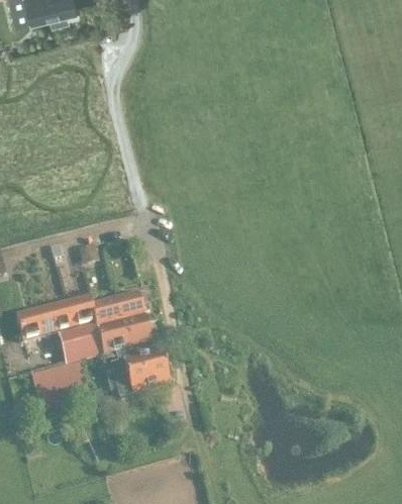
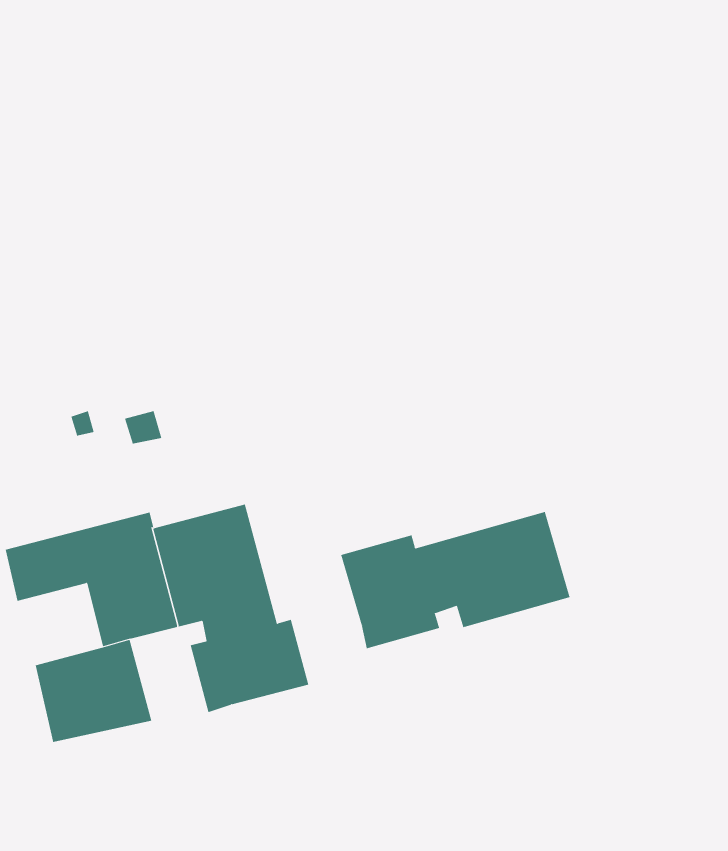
building: none -> [340,511,571,649]

